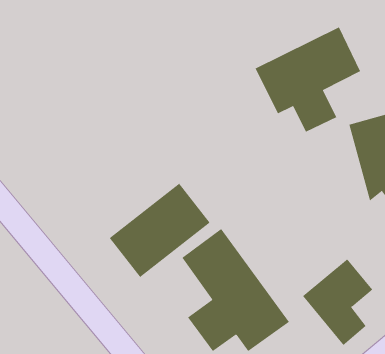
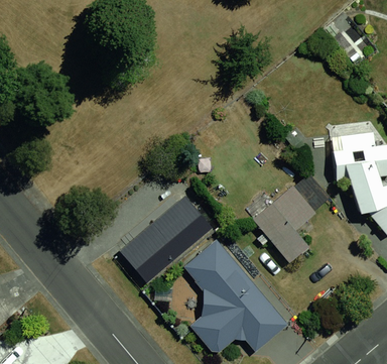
building: [255,27,361,132] -> none
building: [302,259,373,346] -> [251,183,315,262]

